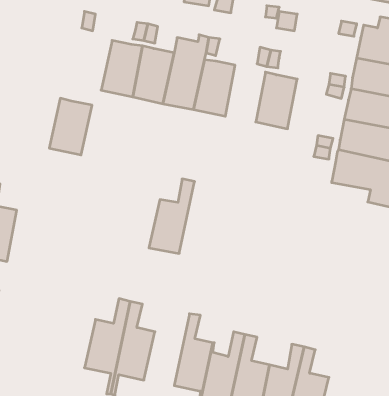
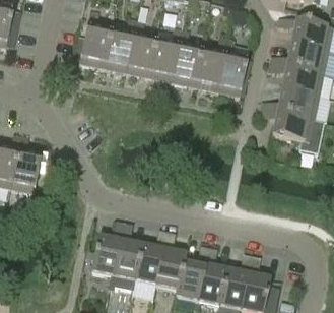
building: none -> [194,49,223,90]
building: [49,98,92,155] -> [79,25,111,67]
building: [149,179,195,253] -> [134,230,168,285]

